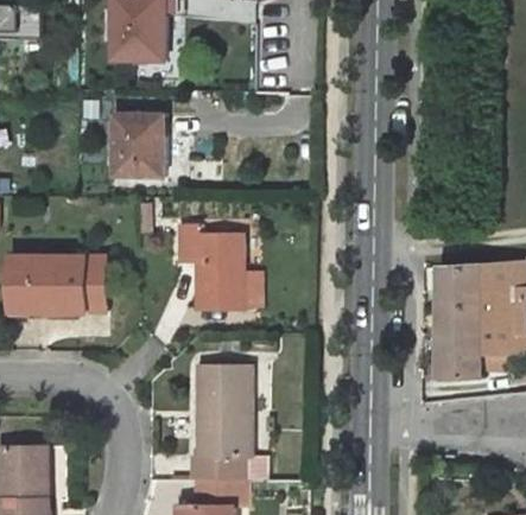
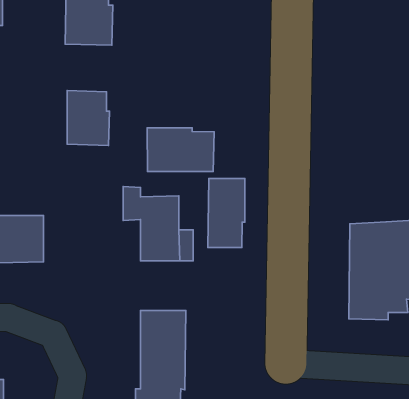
building: none -> [147,128,214,171]
building: none -> [208,178,245,247]

